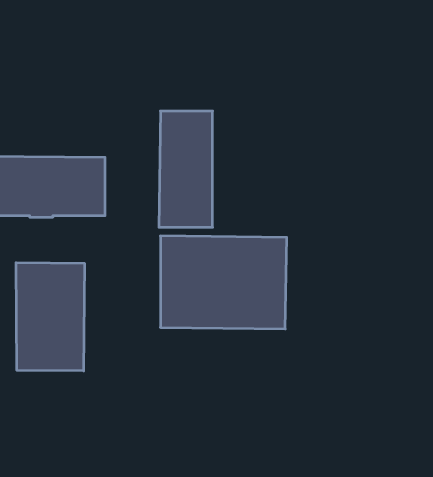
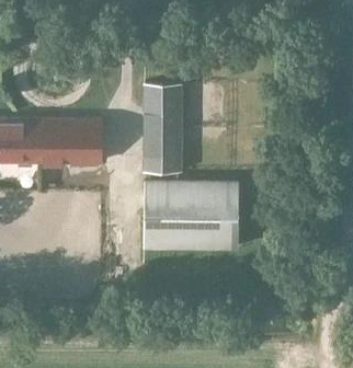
building: [16,263,84,371] -> none

